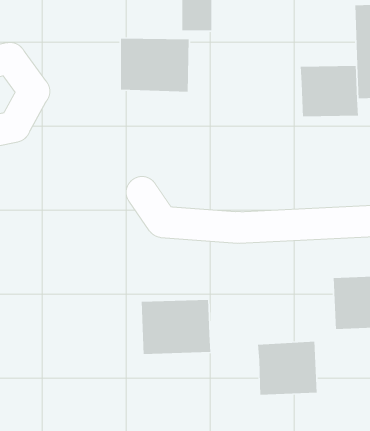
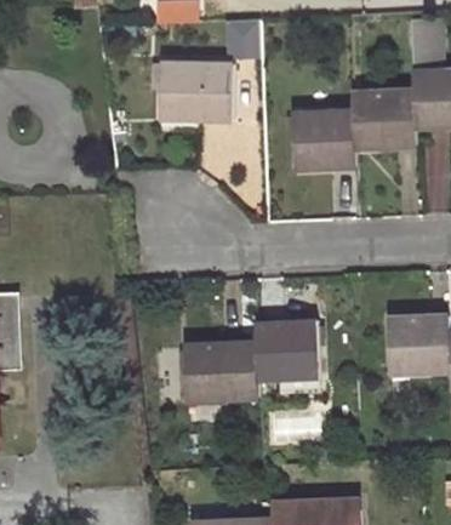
building: none -> [291,110,355,169]
building: [257,341,318,395] -> [253,320,318,378]

